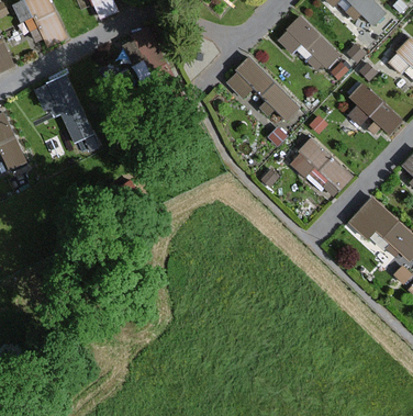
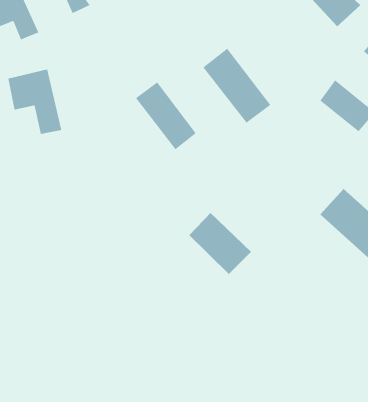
building: [278,13,343,77] -> none
building: none -> [135,81,196,150]
building: [291,136,355,199] -> [188,212,252,275]

